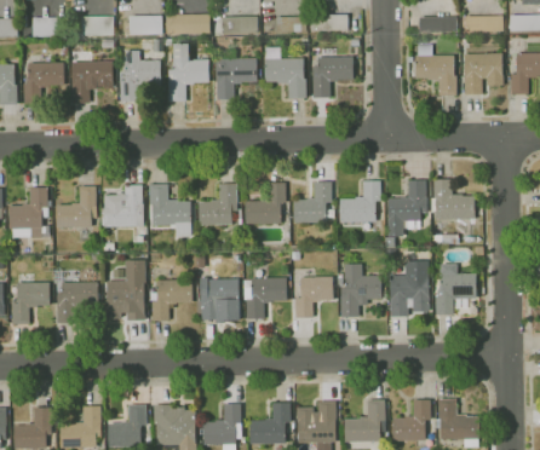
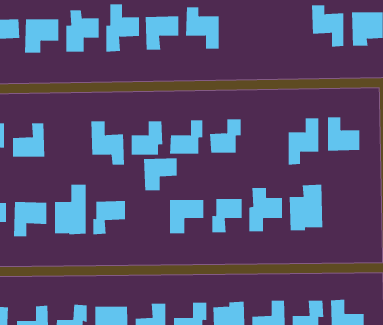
building: [312,56,354,98] -> none
building: [339,180,381,223] -> none
building: [103,184,144,227] -> none
building: [437,264,477,315] -> none
building: [197,279,239,319] -> [143,158,178,191]

